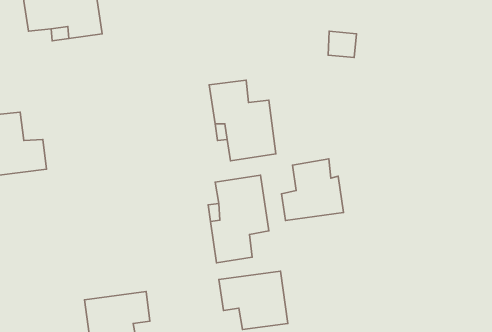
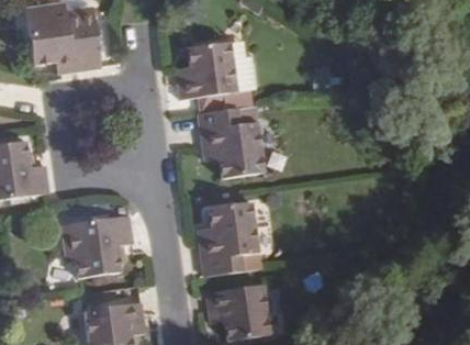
building: none -> [179,43,239,100]
building: [282,159,344,221] -> none
building: none -> [61,215,133,279]

